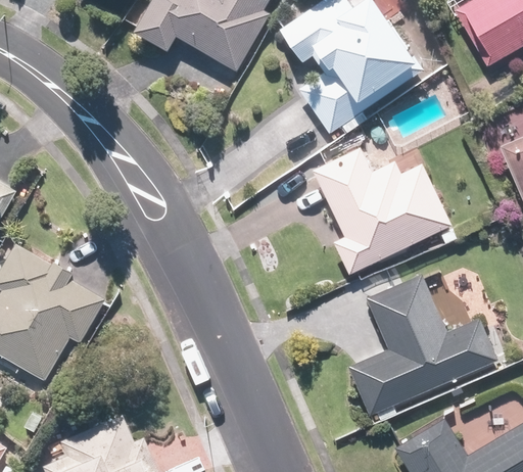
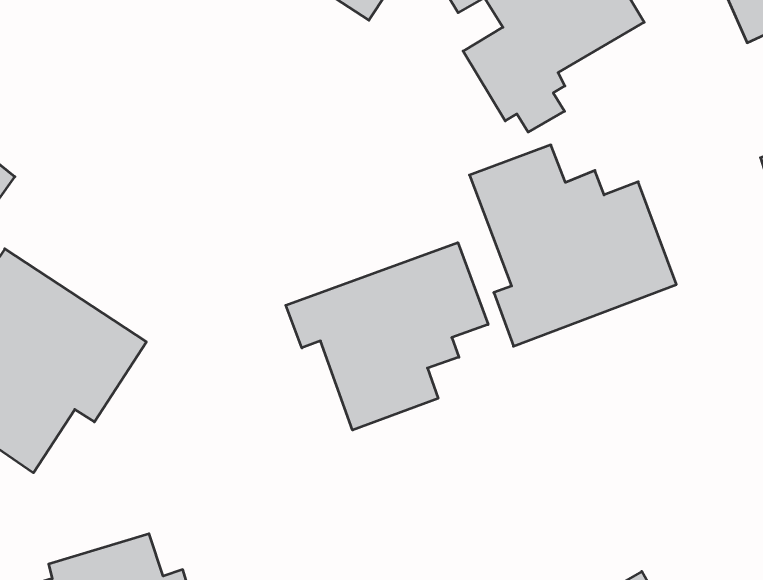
building: none -> [286,243,488,430]
building: [351,269,500,421] -> none

